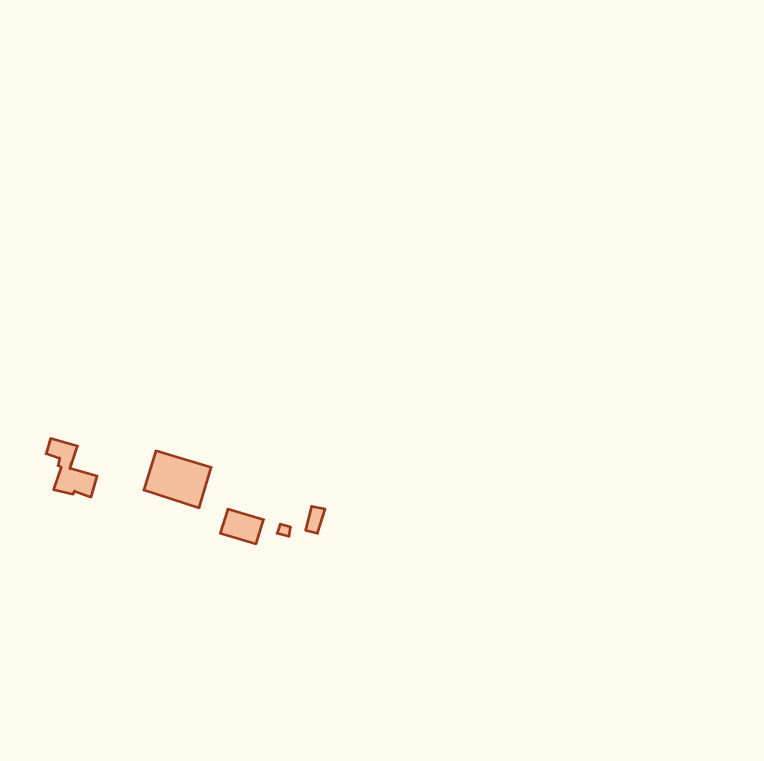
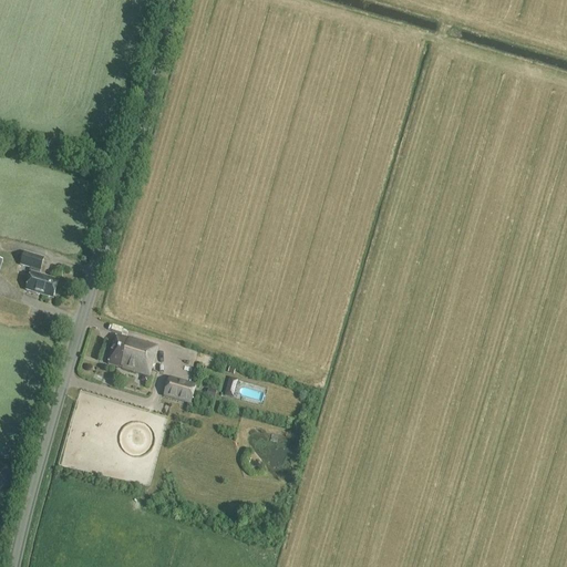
building: [46,439,97,497] -> [19,251,56,295]

